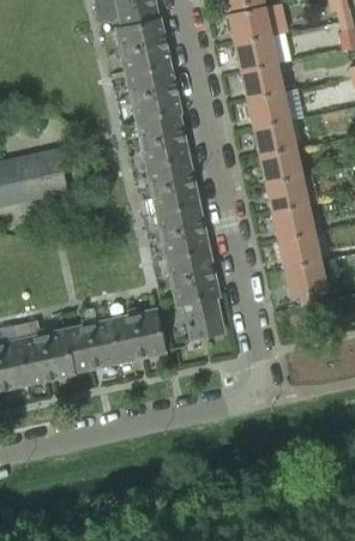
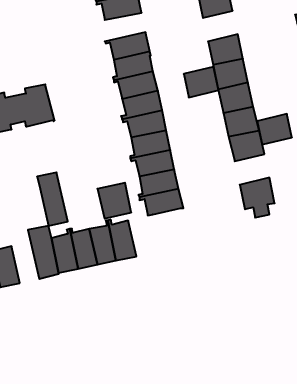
building: [242,65,283,101] -> [184,67,218,97]
building: [126,67,175,101] -> none
building: [279,233,320,269] -> [257,114,292,145]
building: [183,296,223,338] -> [97,183,131,219]
building: [14,321,50,384] -> [37,172,68,226]

